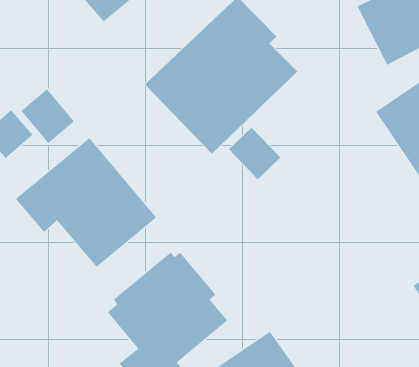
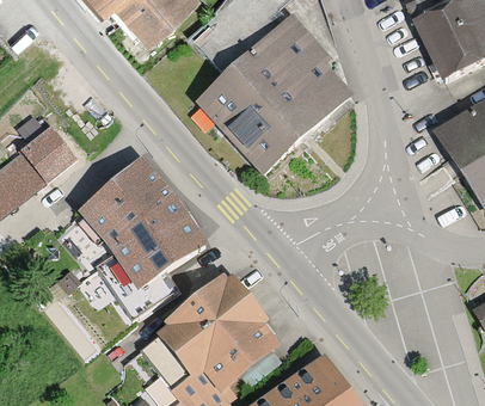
building: [20,88,75,144] -> none
building: [228,127,281,180] -> none

